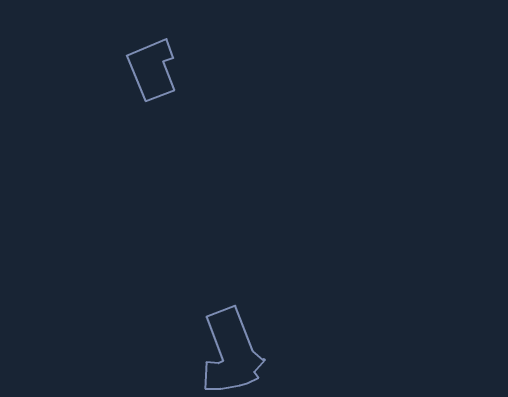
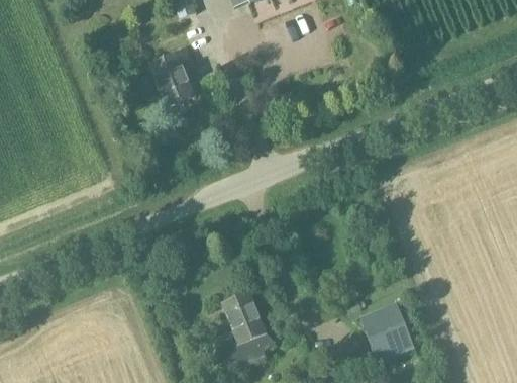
building: none -> [359,303,413,362]

